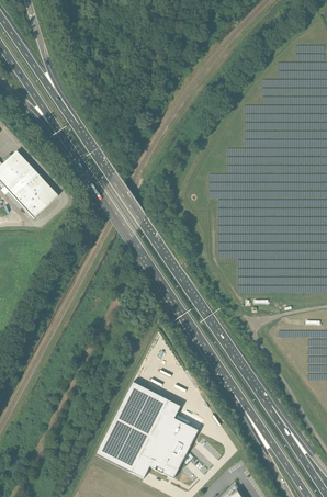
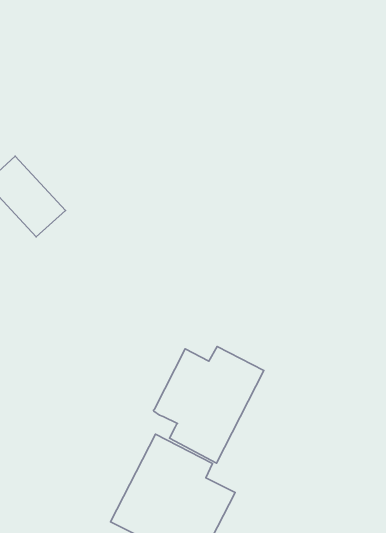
building: none -> [153,346,264,463]

